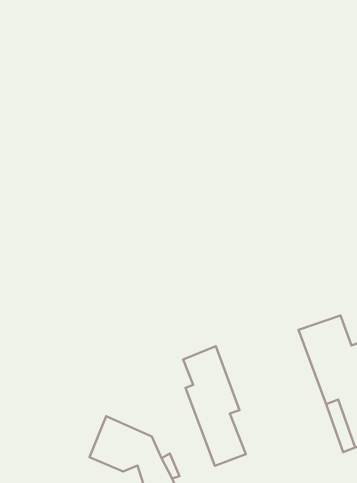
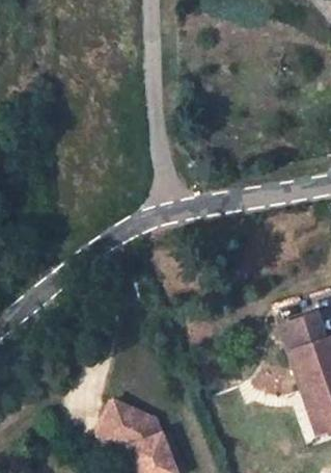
building: [183,346,246,466] -> none

